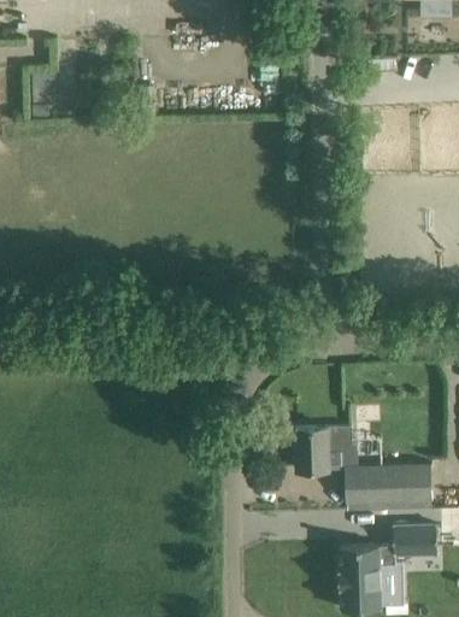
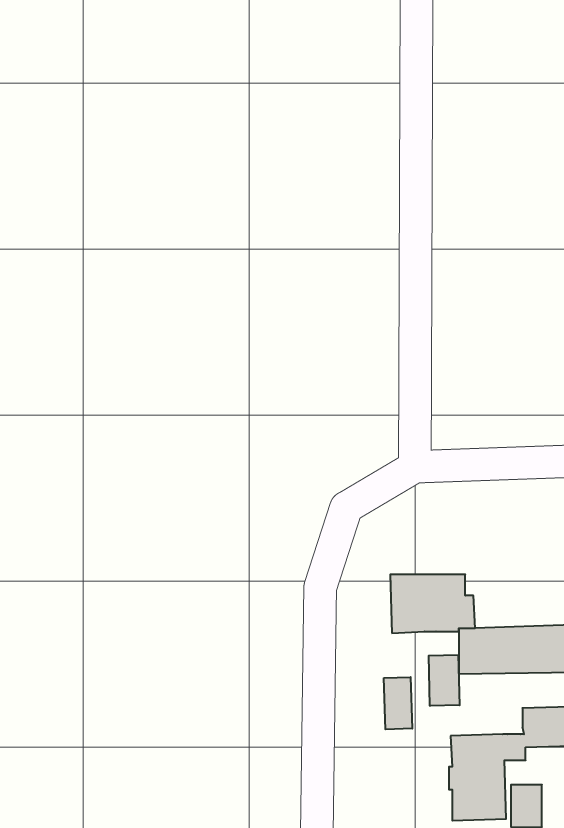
building: none -> [429,655,460,706]
building: none -> [384,677,412,729]

